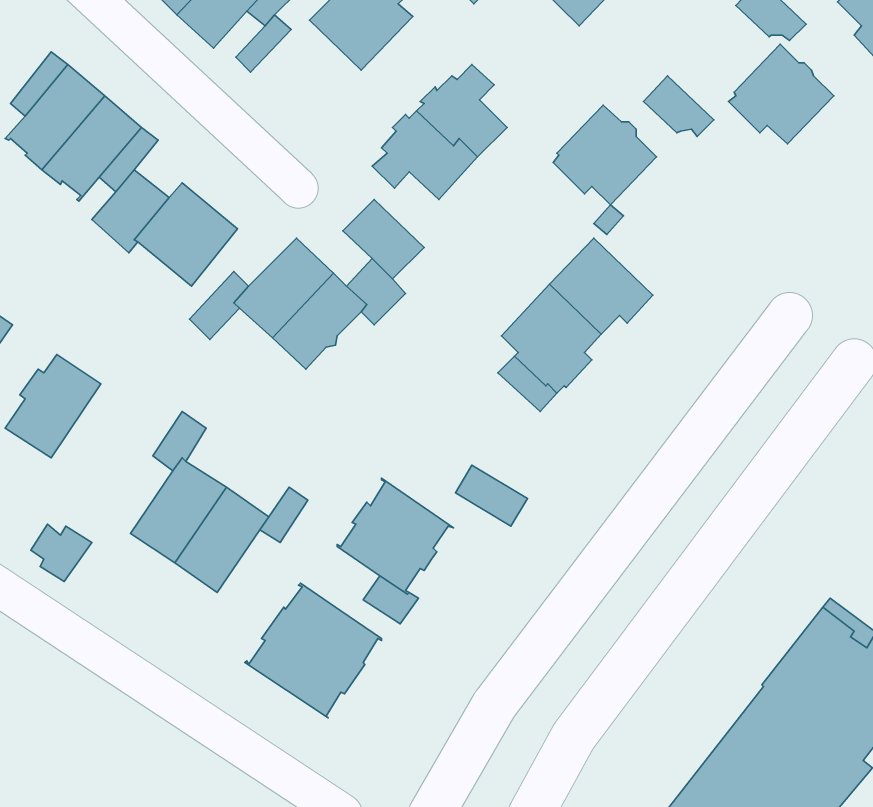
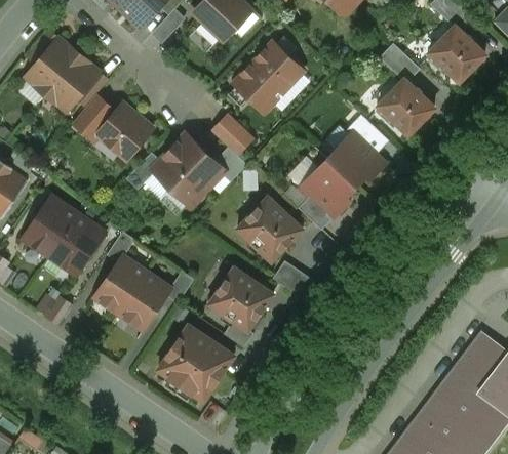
building: [553,105,657,205] -> [376,79,433,134]
building: none -> [236,196,300,261]
building: none -> [49,214,103,274]

